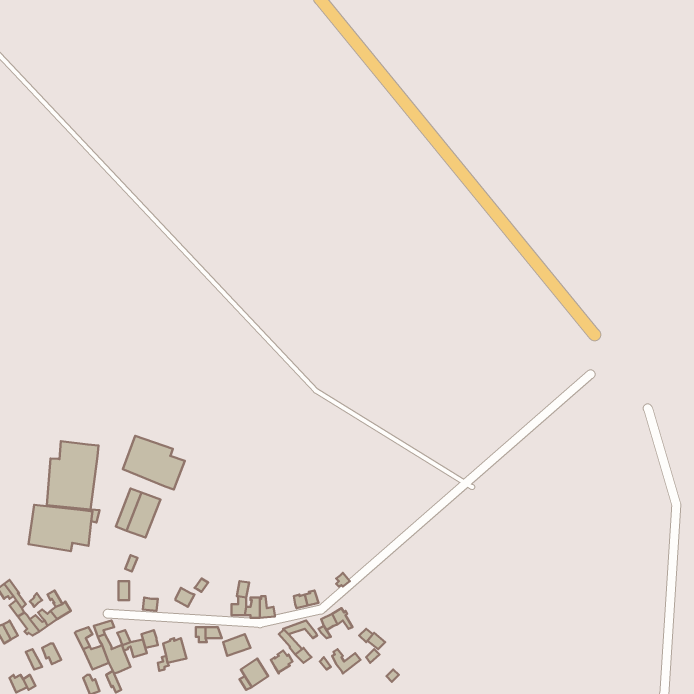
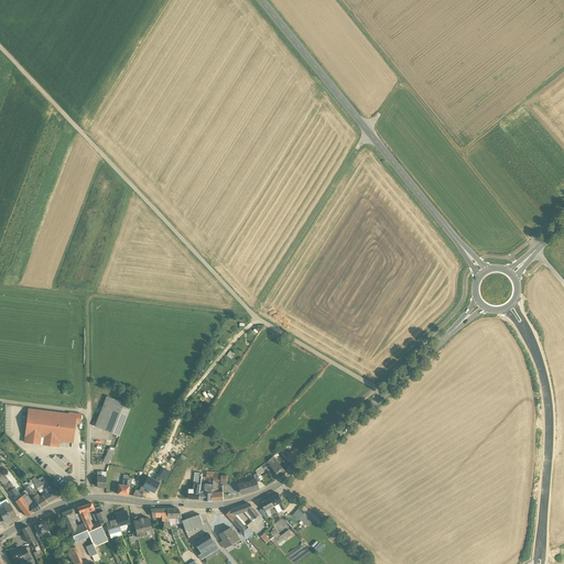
building: [123,436,185,489] -> none
building: [47,441,98,510] -> none

